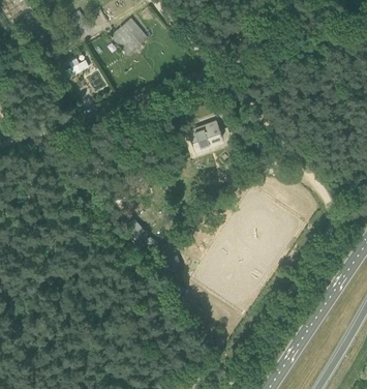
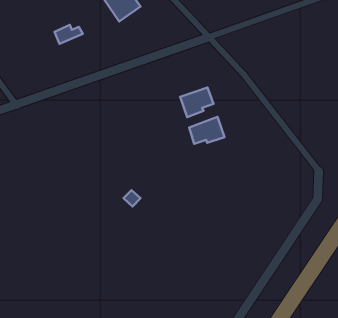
building: none -> [189,117,224,144]

